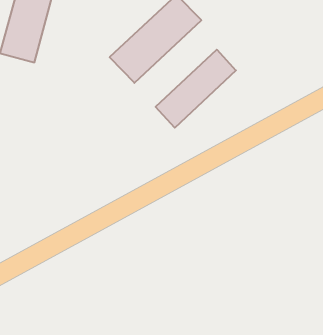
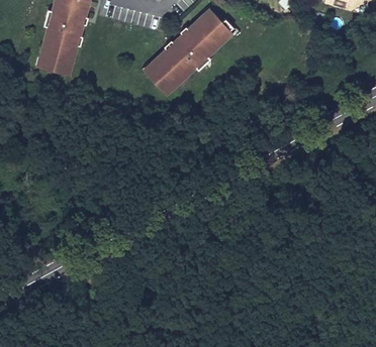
building: [156,50,236,128] -> none

